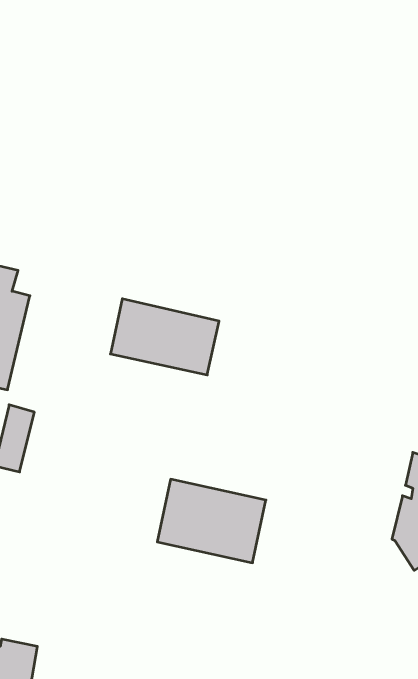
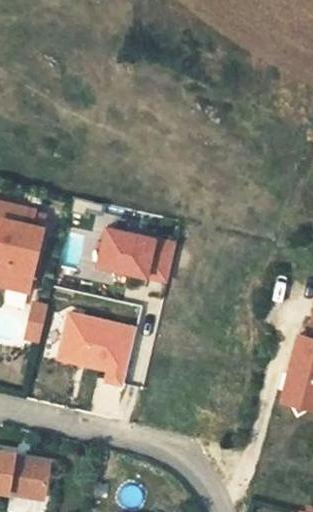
building: [157,479,266,563] -> [59,317,132,373]

